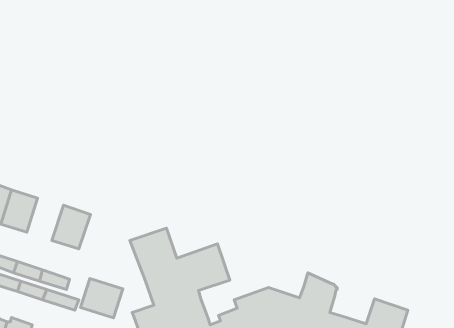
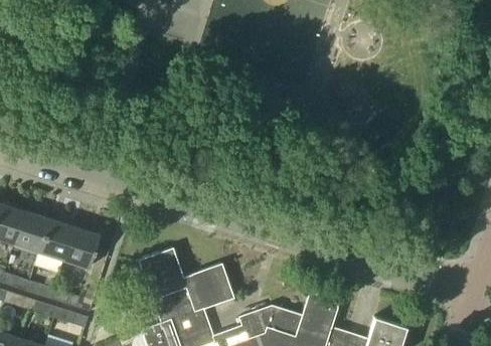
building: none -> [38,218,73,260]
building: [81,279,123,318] -> none

